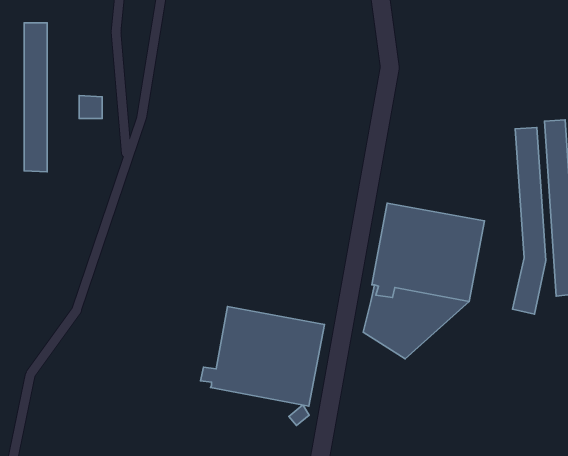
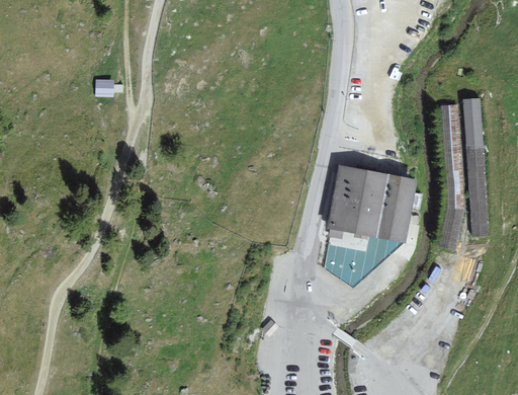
building: [24,23,47,172] -> none
building: [200,306,324,406] -> none

